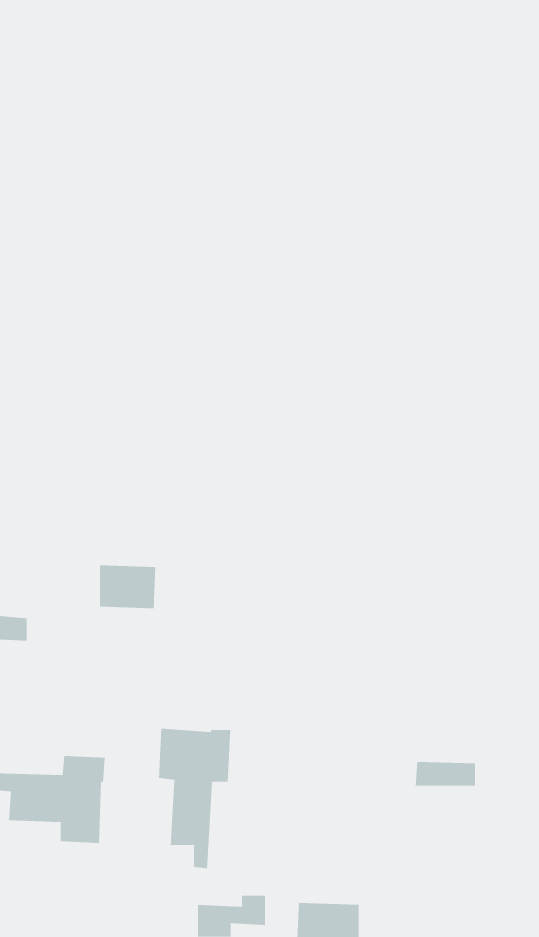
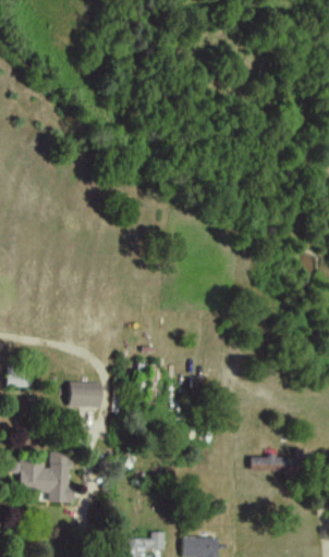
building: [99,565,156,609] -> [69,382,101,407]
building: [158,728,231,869] -> none

